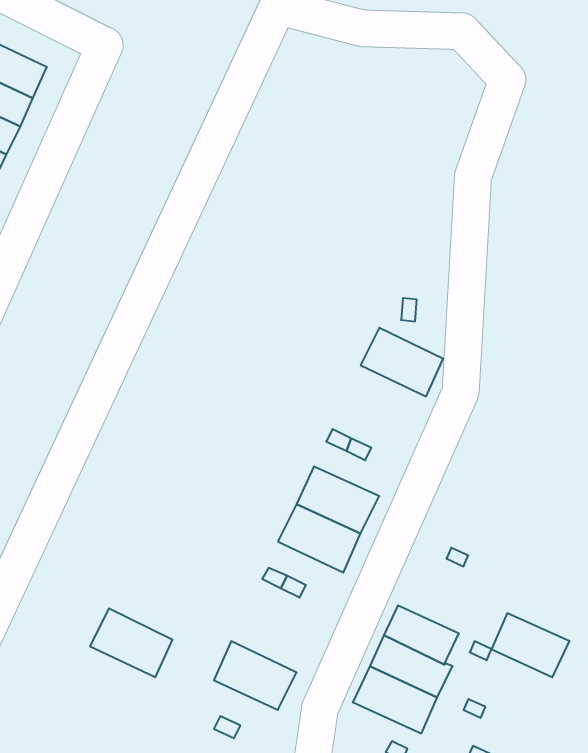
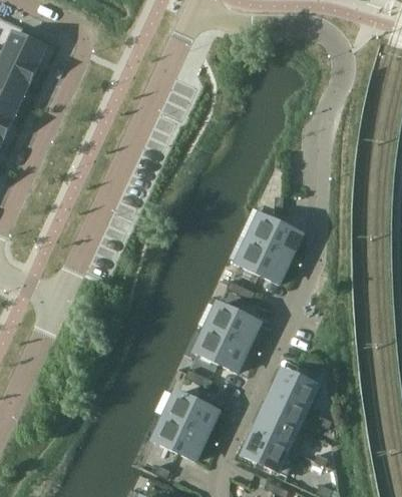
building: none -> [237,236,290,281]
building: [90,609,173,677] -> [164,390,218,434]
building: [492,613,570,677] -> [272,368,322,409]

